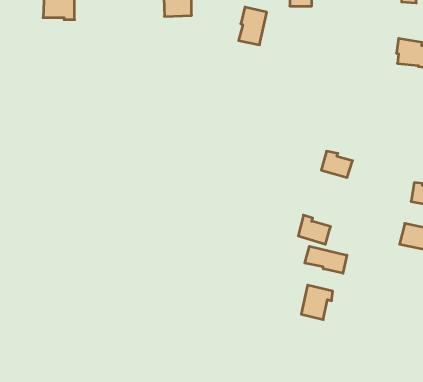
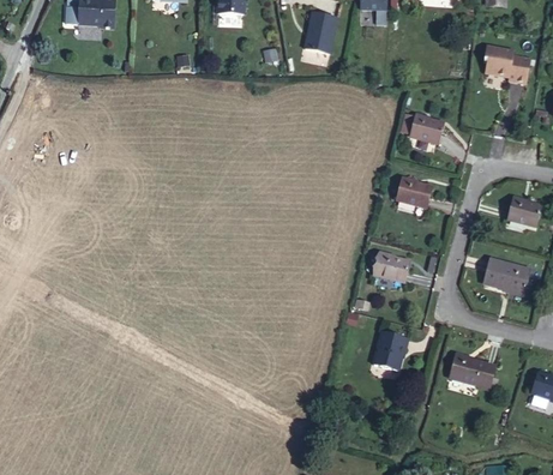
building: none -> [402,110,438,142]
building: [305,246,347,273] -> none
building: none -> [453,355,500,393]

